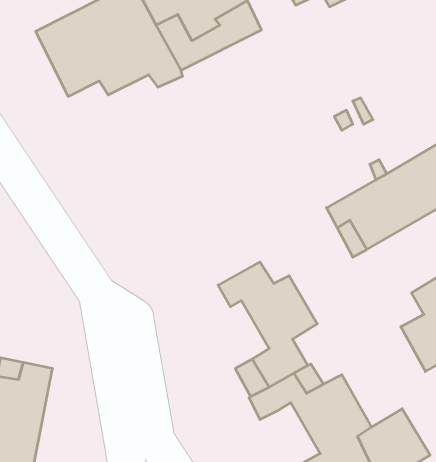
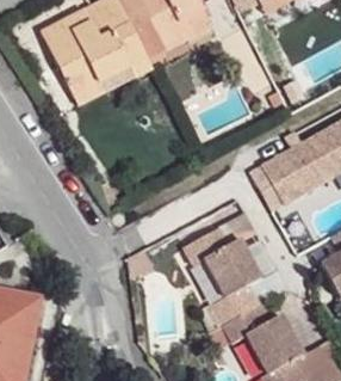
building: none -> [55,68,124,106]

